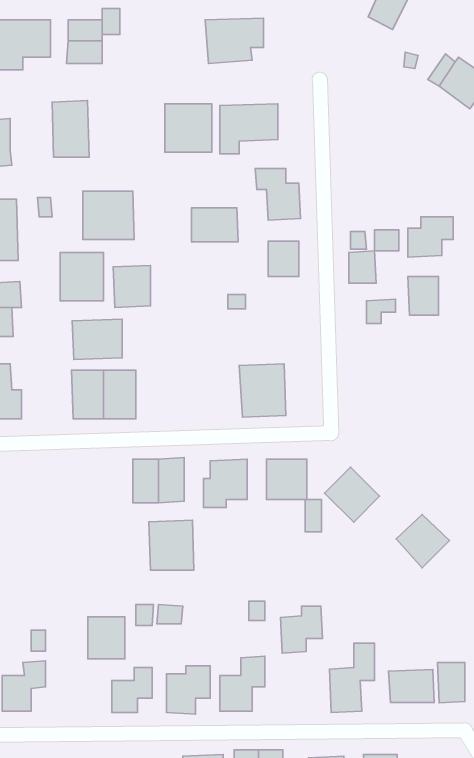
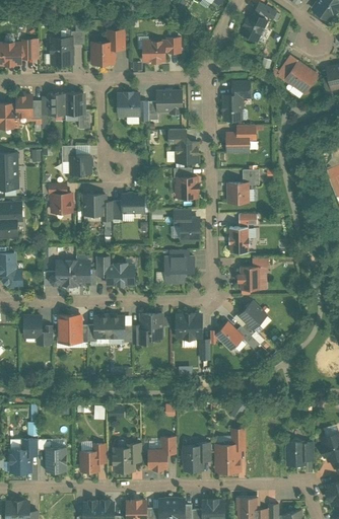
building: none -> [92,30,126,65]
building: none -> [222,82,251,121]
building: none -> [64,88,94,131]
building: none -> [14,94,33,120]
building: [192,208,238,242] -> [118,193,147,214]
building: [408,217,453,257] -> [227,128,256,153]
building: [408,276,439,315] -> [229,228,249,252]
building: none -> [175,210,199,241]
building: [72,319,122,360] -> [105,262,136,287]
building: none -> [236,265,259,292]
building: none -> [23,317,50,346]
building: [396,515,449,568] -> [236,300,270,333]
building: [149,520,194,570] -> [56,312,84,344]
building: [280,606,322,653] -> [183,441,209,470]
building: [88,617,125,659] -> [45,447,68,473]
building: [389,669,434,703] -> none

